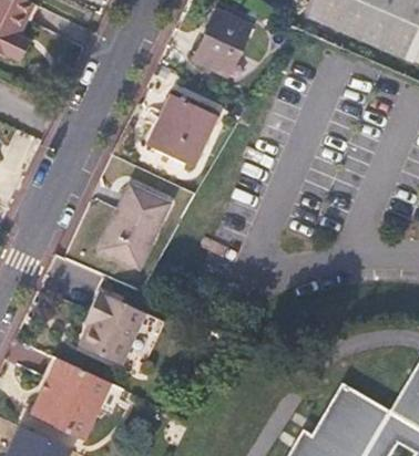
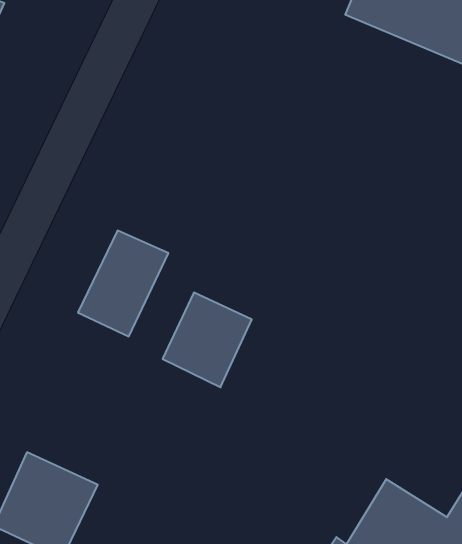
building: [194,10,251,75] -> none
building: [147,94,217,167] -> none
building: [79,292,149,366] -> [163,293,252,387]

